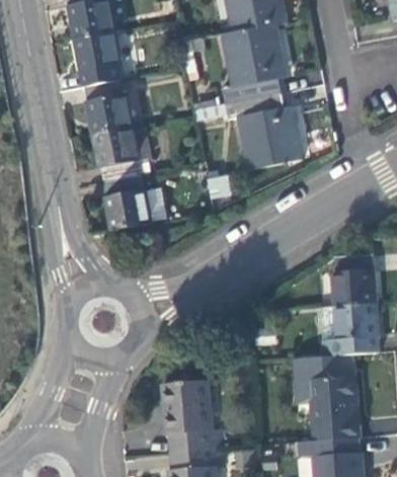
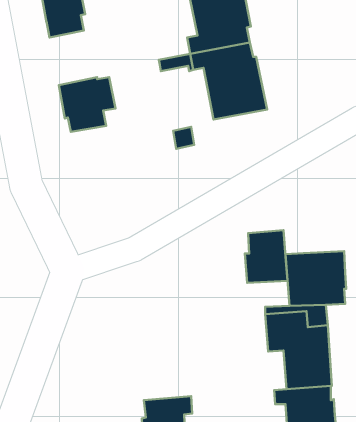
building: [82,81,130,136] -> none
building: [103,176,148,232] -> none
building: [334,251,377,304] -> [245,230,287,283]
building: [166,379,224,451] -> none

